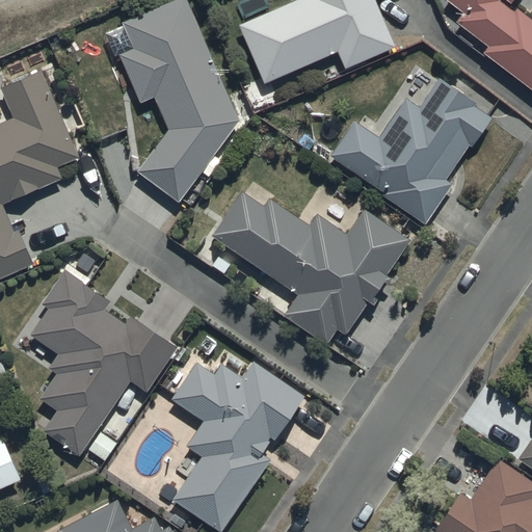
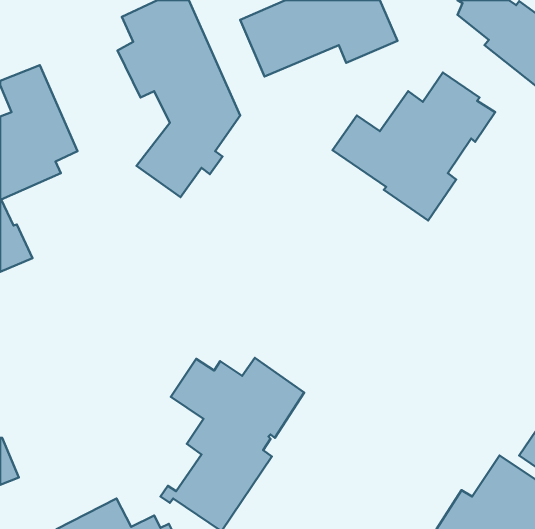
building: [212,192,410,344] -> none
building: [29,270,176,463] -> none

